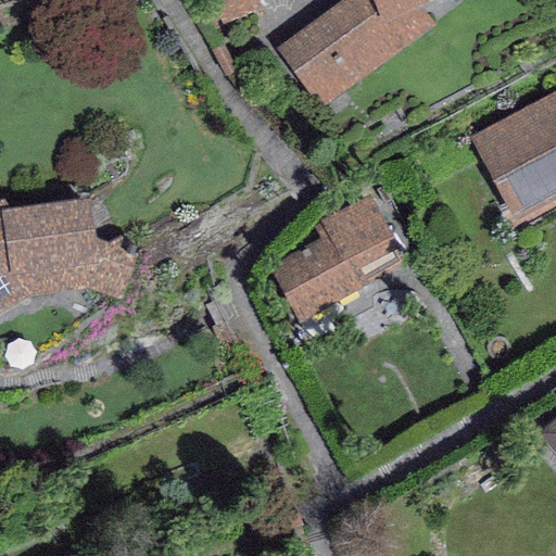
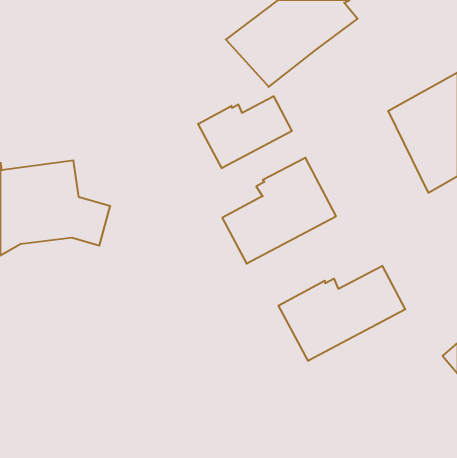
building: none -> [198,96,292,168]
building: none -> [278,266,405,361]

